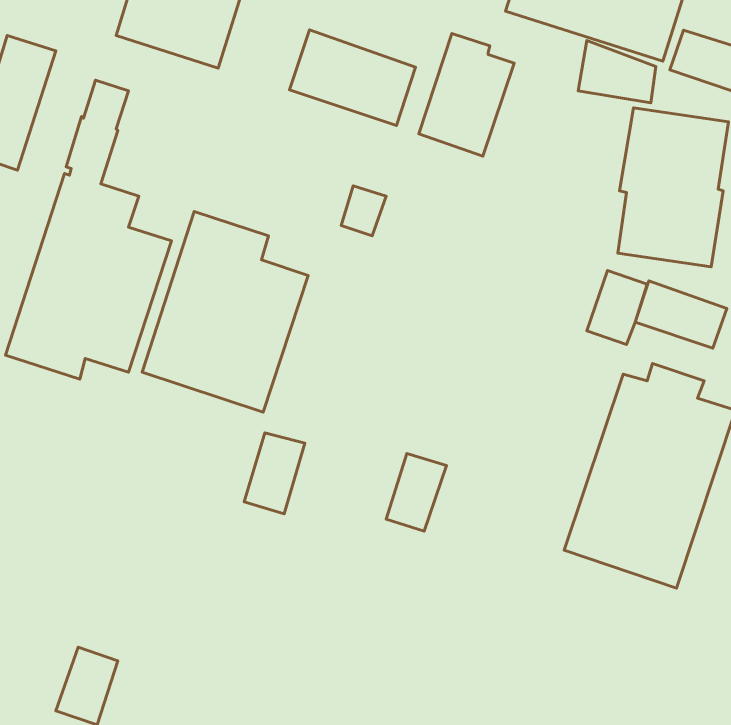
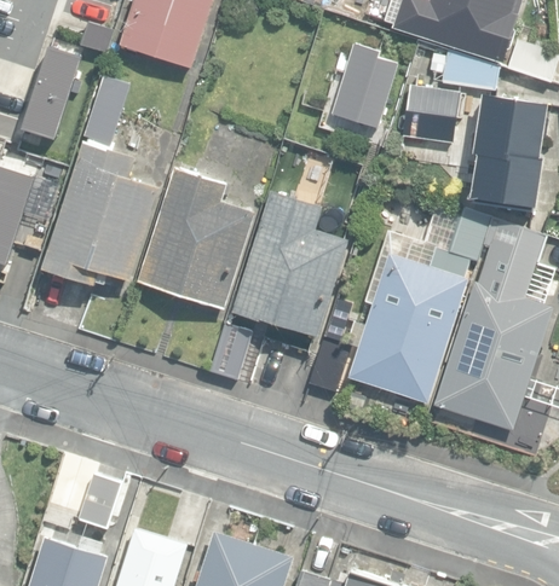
building: [290,30,415,126] -> none
building: none -> [403,86,459,144]
building: none -> [230,188,348,336]
building: none -> [348,245,468,404]

